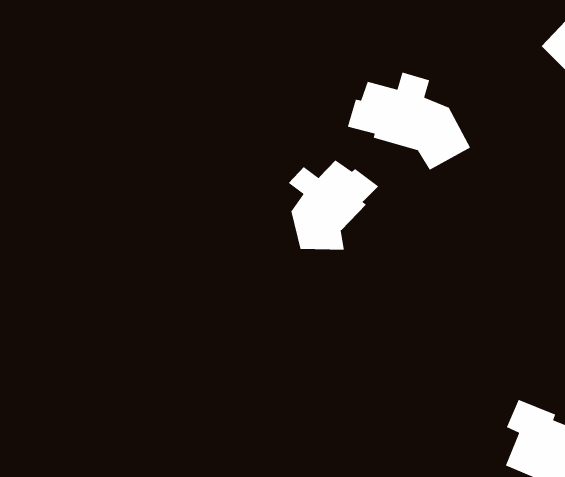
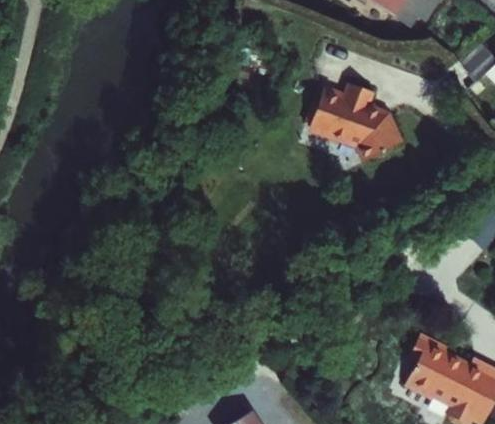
building: [288,159,379,251] -> none

